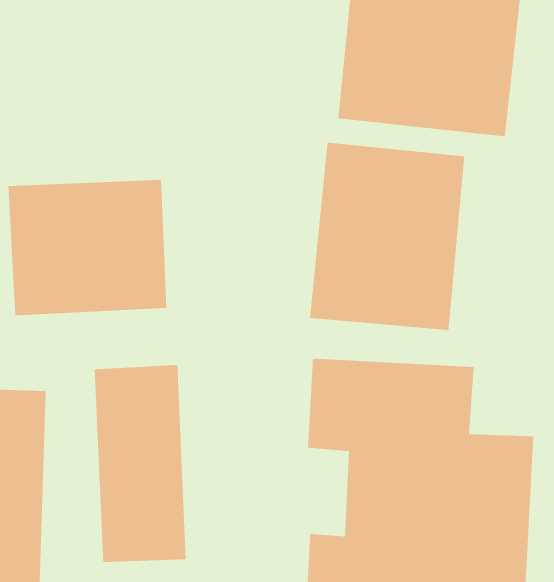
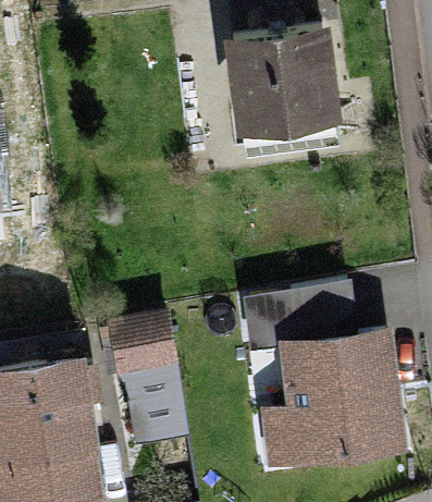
building: [309,142,465,331] -> none
building: [8,179,167,316] -> none

